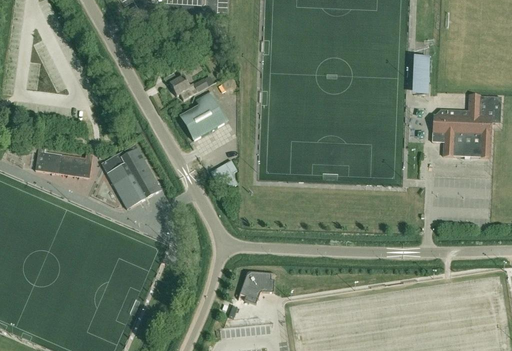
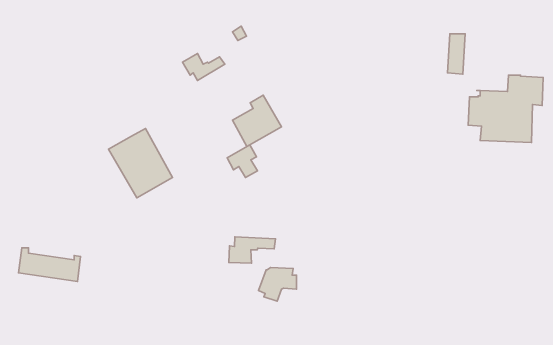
building: [180,92,225,139] -> [233,95,282,146]
building: [35,146,92,177] -> [19,248,81,281]
building: none -> [229,237,276,263]

